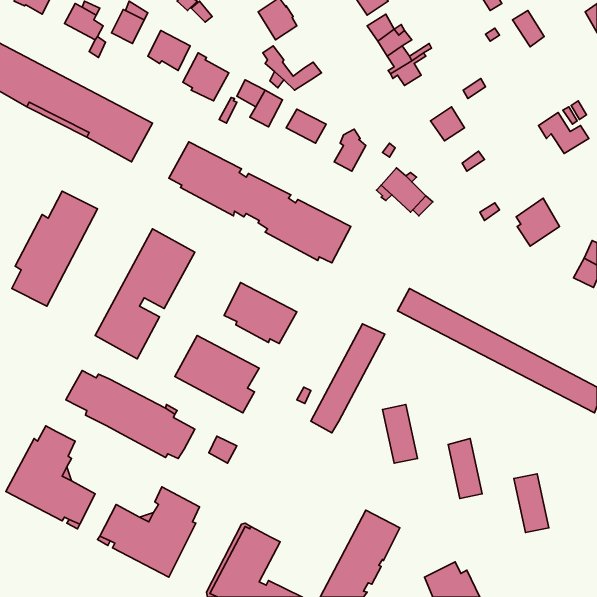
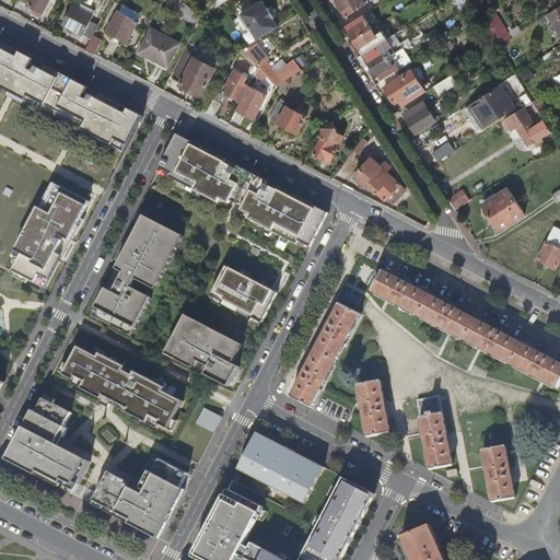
building: none -> [381,68,422,107]
building: none -> [468,83,512,124]
building: none -> [236,431,323,502]

